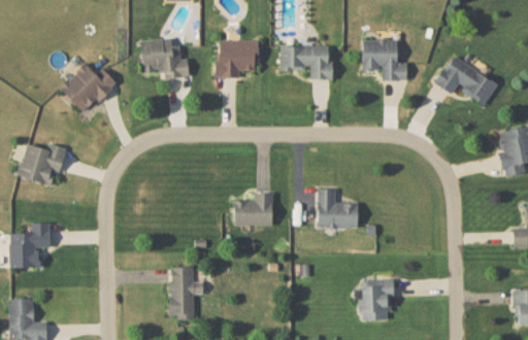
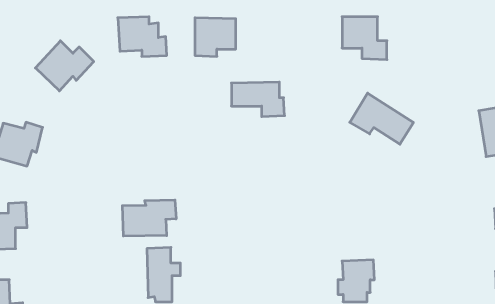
building: [280,45,333,79] -> [231,82,285,117]
building: [434,55,497,105] -> [350,93,413,144]
building: [317,188,358,228] -> none
building: [233,192,272,225] -> none
building: none -> [122,200,176,236]

